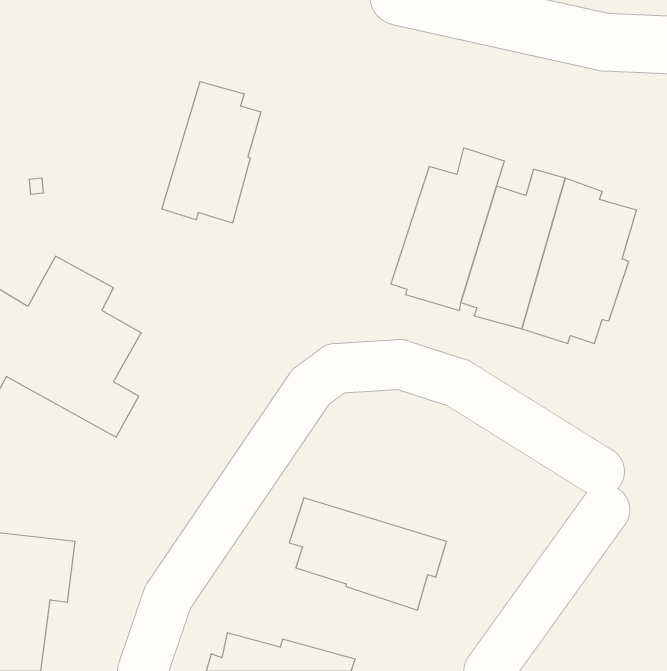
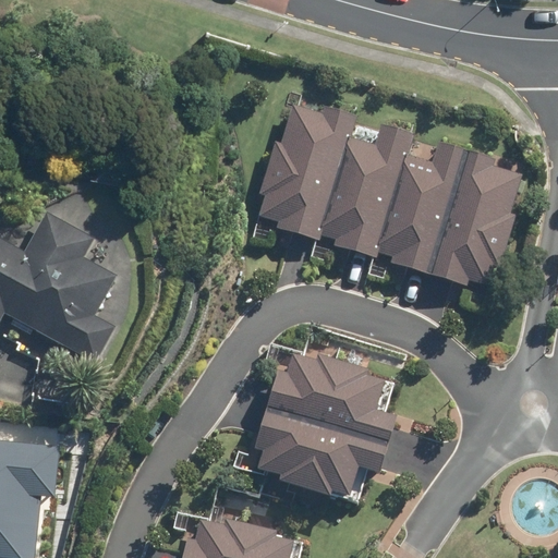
building: [162,82,261,223] -> none
building: none -> [258,104,361,240]
building: none -> [251,356,381,447]

